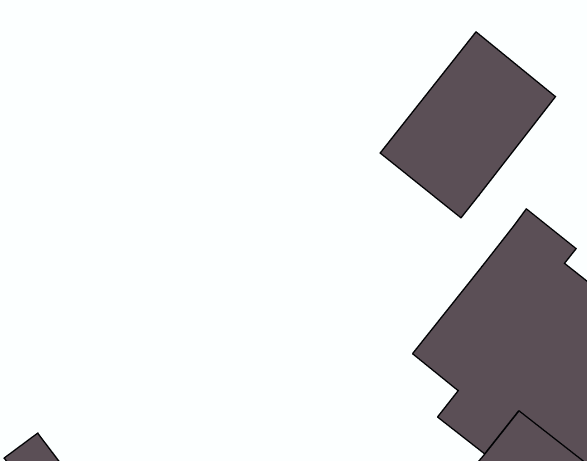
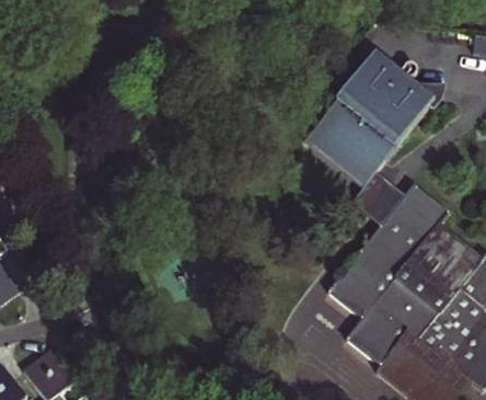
building: none -> [351,172,403,225]

